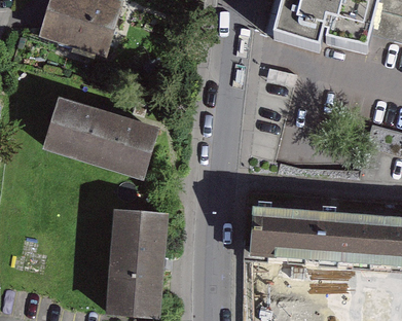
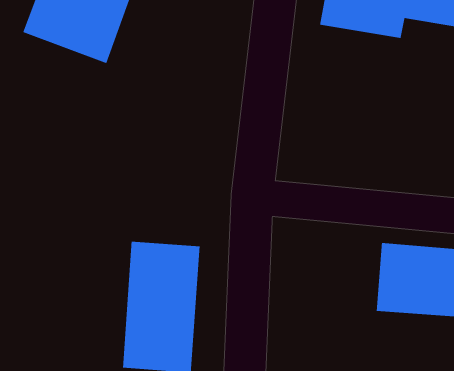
building: [43,95,160,177] -> none
building: [246,203,323,266] -> none

